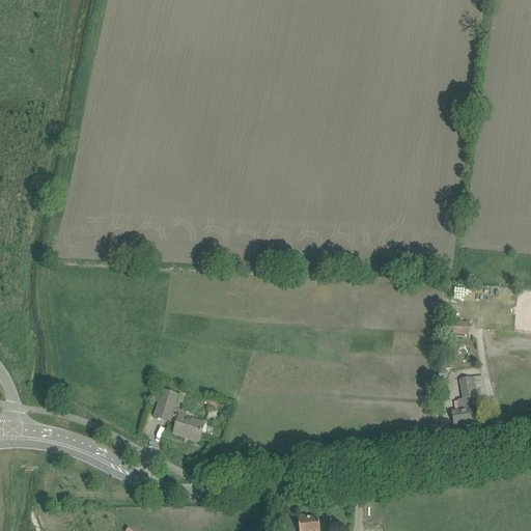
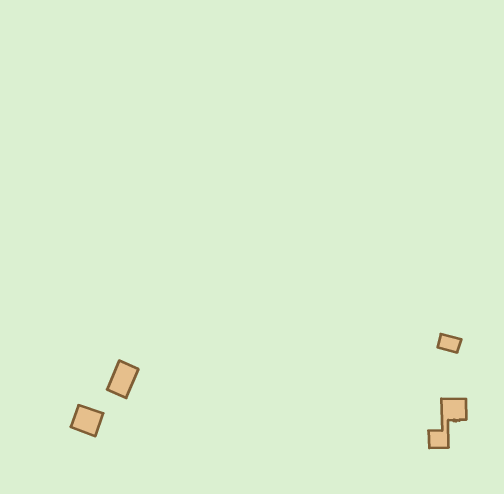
building: [175,415,203,441] -> [71,405,103,436]

